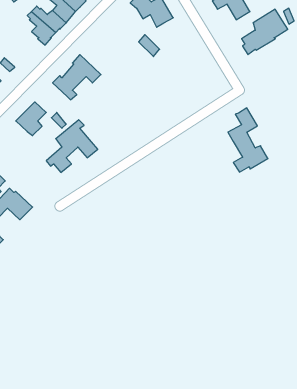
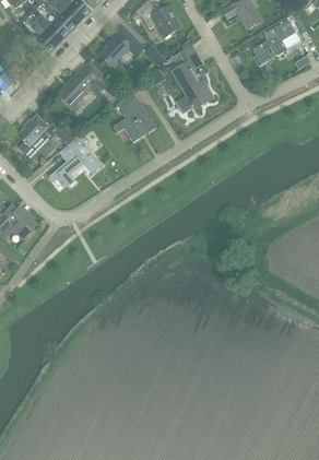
building: none -> [99,26,144,67]
building: none -> [113,92,156,142]
building: [228,108,268,172] -> [172,45,213,111]

